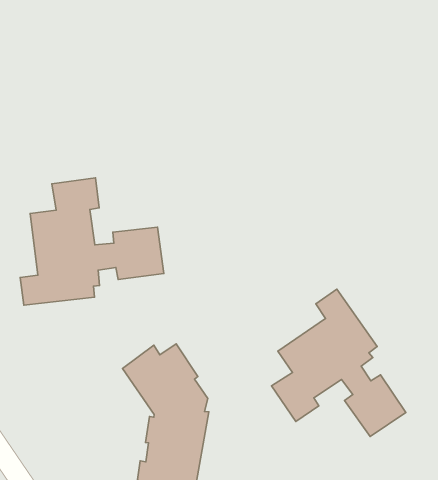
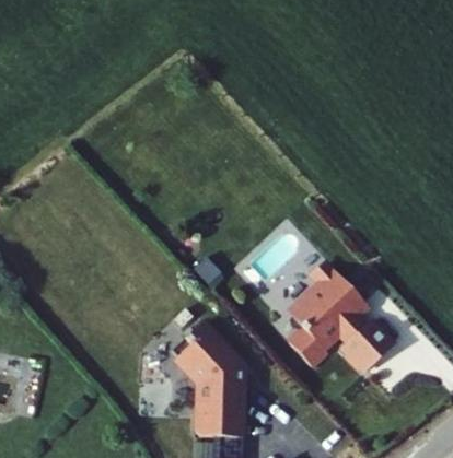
building: [20,178,164,305] -> none

